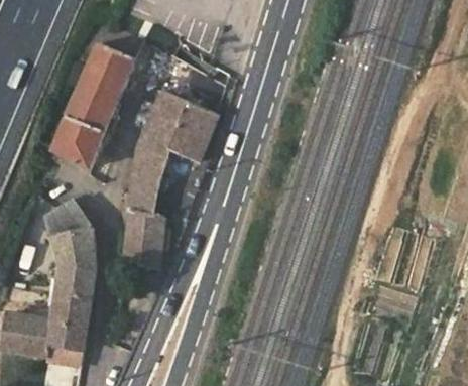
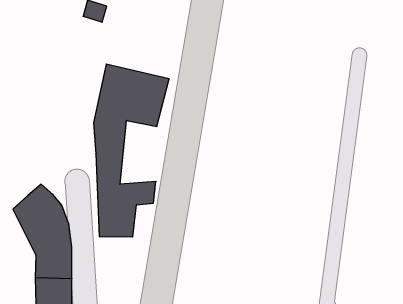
building: [51,44,133,165] -> none

